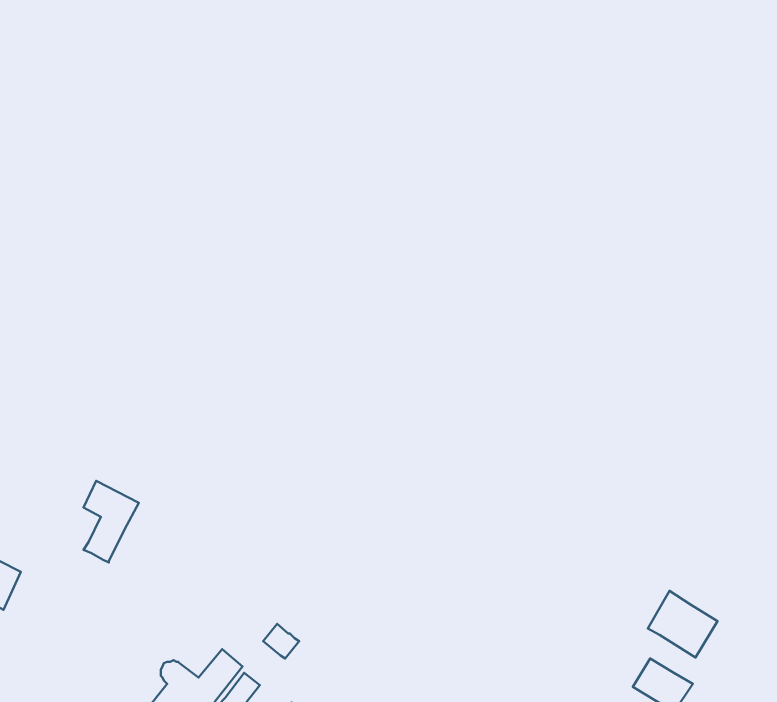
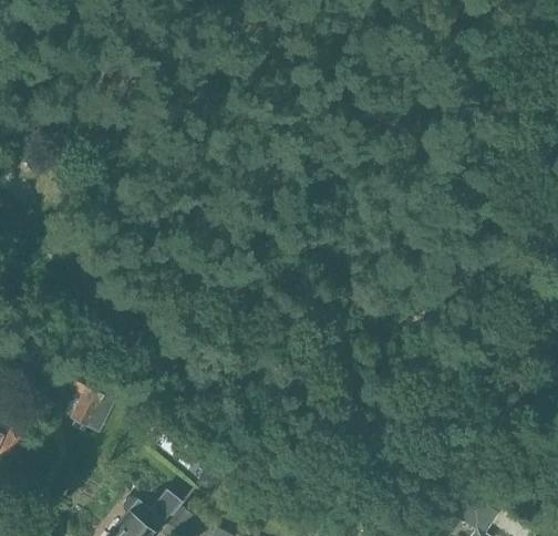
building: [648,591,718,657] -> none

